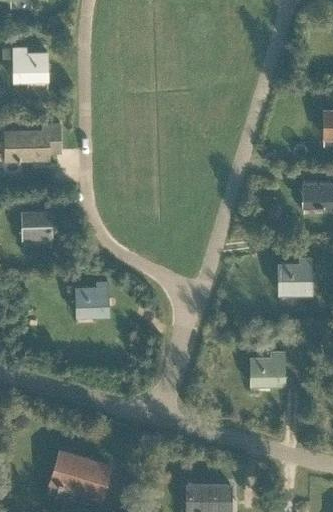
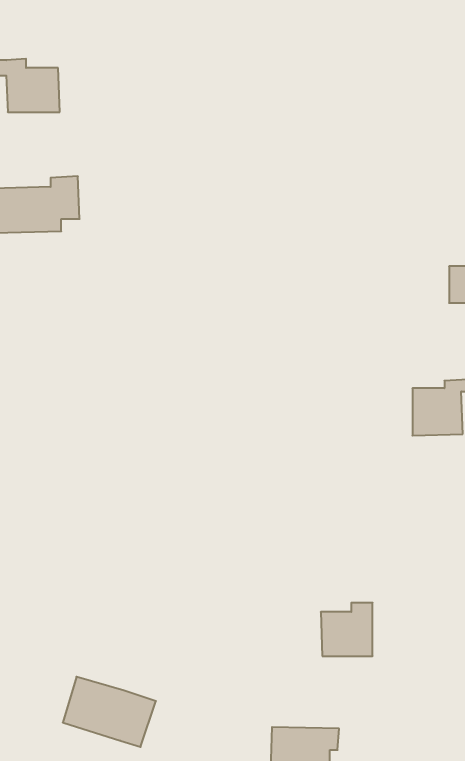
building: [22,213,51,247] -> none
building: [75,283,109,318] -> none
building: [250,353,284,388] -> [321,603,373,656]

